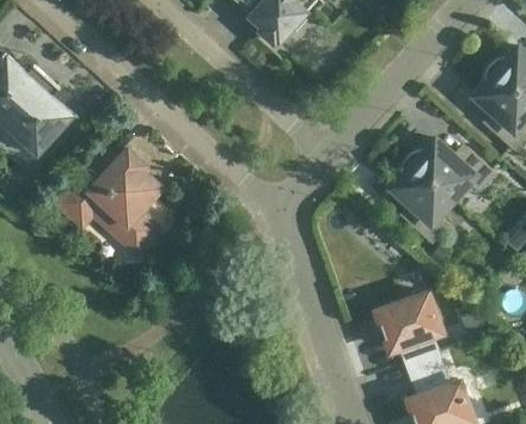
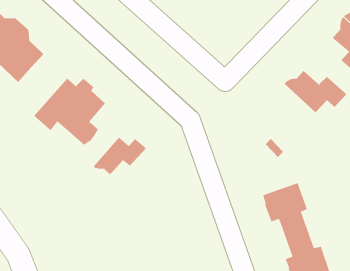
building: [391,159,451,244] -> none
building: none -> [93,136,147,175]

